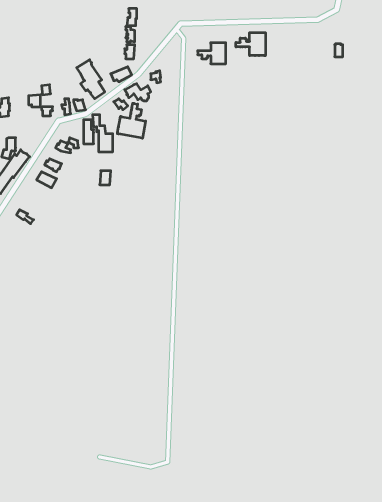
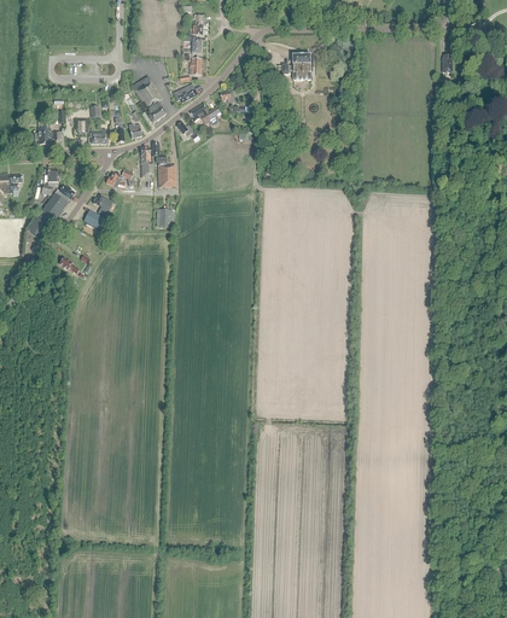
building: [236,33,265,56] -> none
building: [117,103,146,138] -> none

